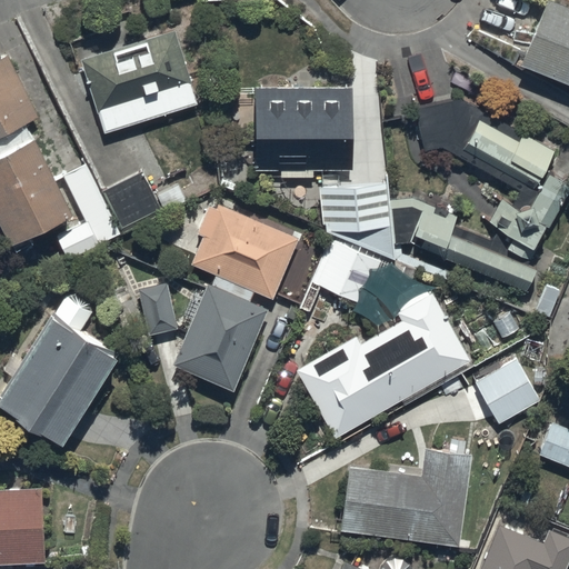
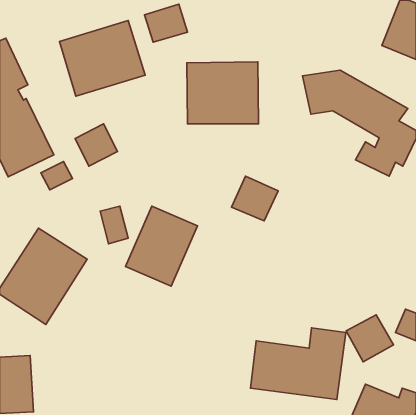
building: none -> [144,4,188,42]
building: [318,180,535,290] -> none
building: [190,204,298,299] -> none
building: [295,293,471,439] -> none
building: [475,360,539,425] -> [346,315,393,362]

